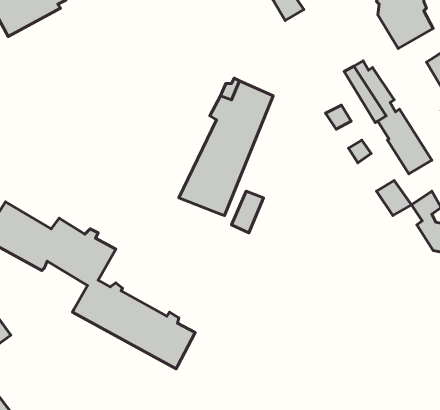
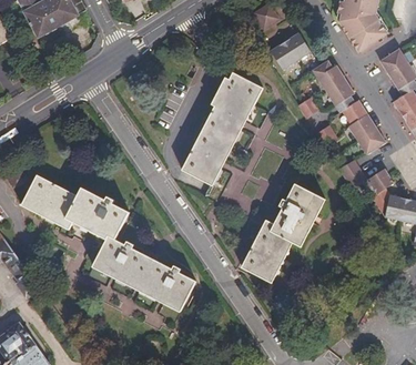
building: none -> [271,31,312,67]
building: none -> [245,185,325,285]

